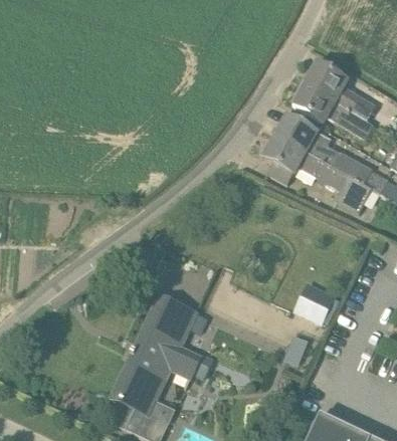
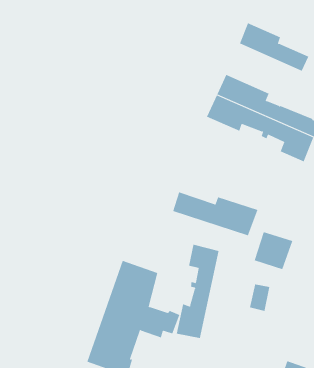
building: [292,82,373,139] -> none
building: none -> [173,192,258,236]
building: none -> [176,244,219,339]

